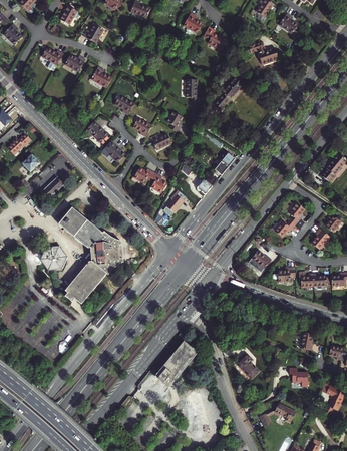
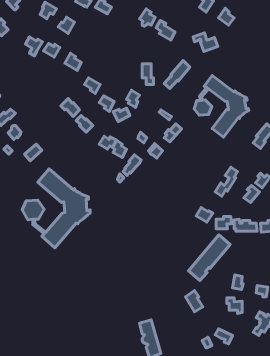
building: none -> [194,76,249,137]
building: [145,344,197,400] -> [188,235,230,281]

